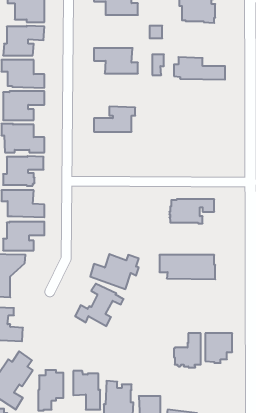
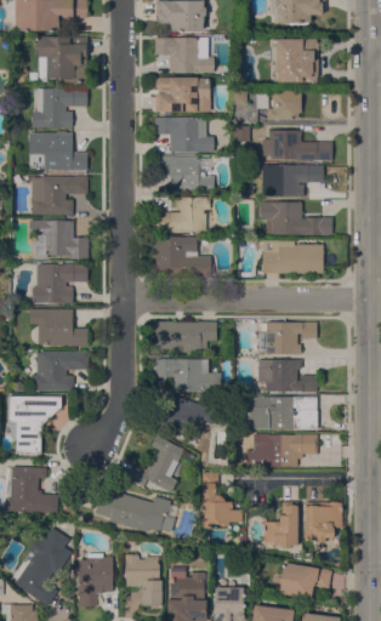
building: none -> [155,78,210,112]
building: none -> [256,90,301,123]
building: none -> [155,156,214,193]
building: none -> [265,165,323,196]
building: none -> [261,203,331,234]
building: none -> [154,237,214,277]
building: none -> [262,240,323,274]
building: none -> [155,321,216,352]
building: none -> [154,359,220,392]
building: none -> [251,359,317,392]
building: none -> [252,433,317,467]
building: none -> [201,472,241,526]
building: none -> [95,492,178,532]
building: none -> [279,563,331,599]

